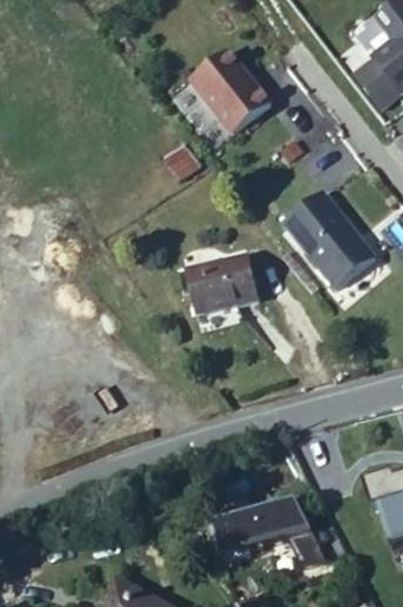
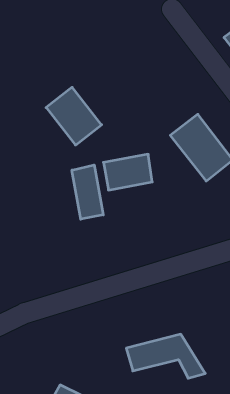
building: [188,49,269,133] -> [46,87,102,145]
building: none -> [72,165,103,219]

